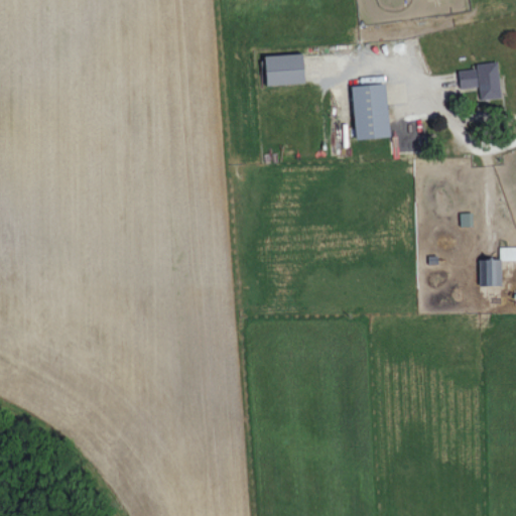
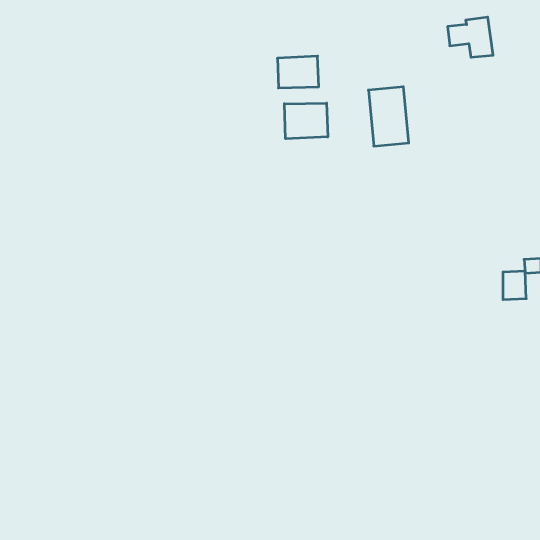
building: [459,61,502,100] -> [448,17,493,57]
building: none -> [284,103,328,139]

